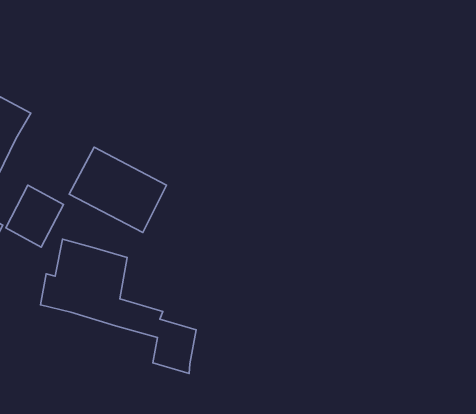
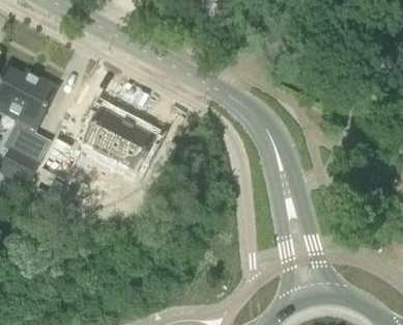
building: [40,239,196,373] -> none

